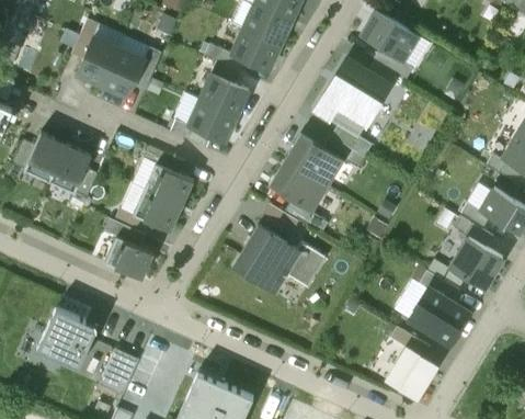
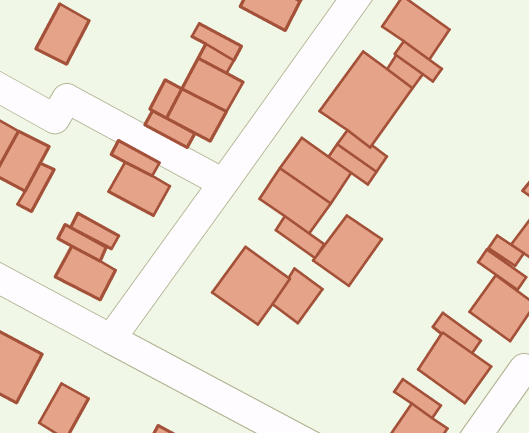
building: [231,27,282,70] -> none
building: [103,47,146,97] -> none
building: [134,188,183,230] -> none
building: none -> [313,215,382,286]

